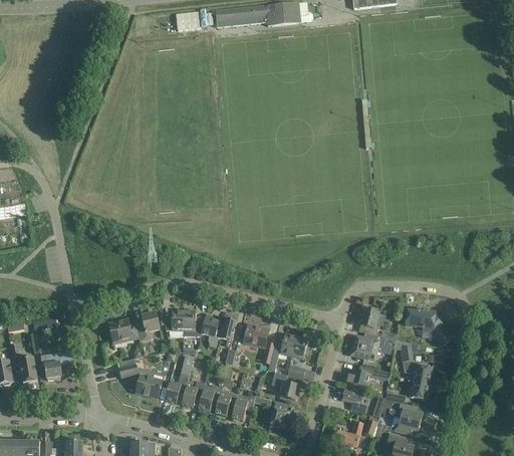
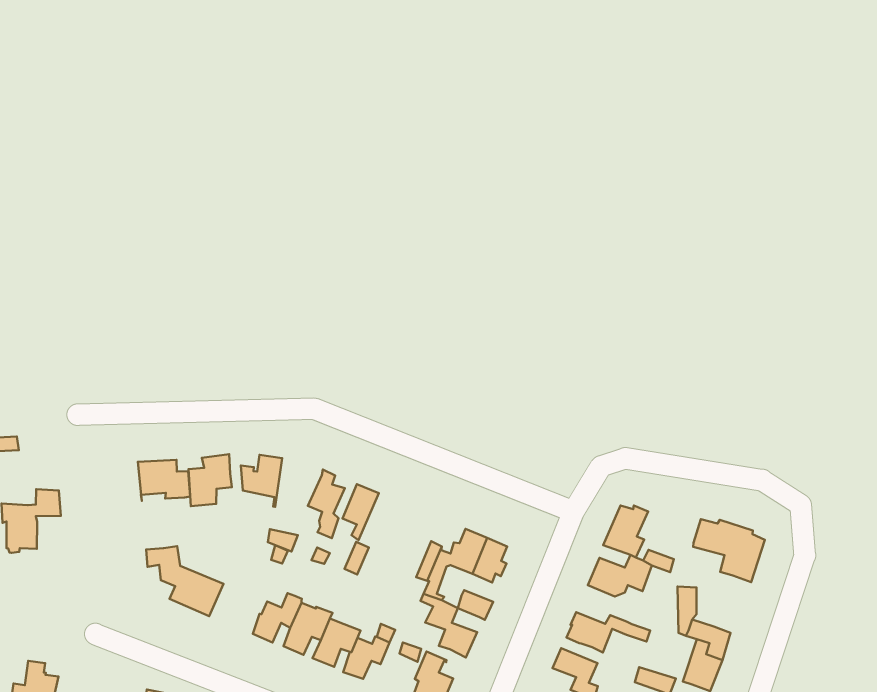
building: [183,309,205,336] -> none
building: [243,323,268,347] -> none
building: [164,373,188,403] -> none

